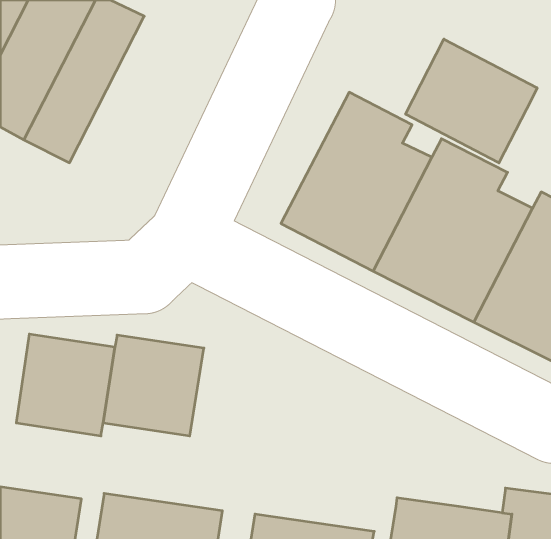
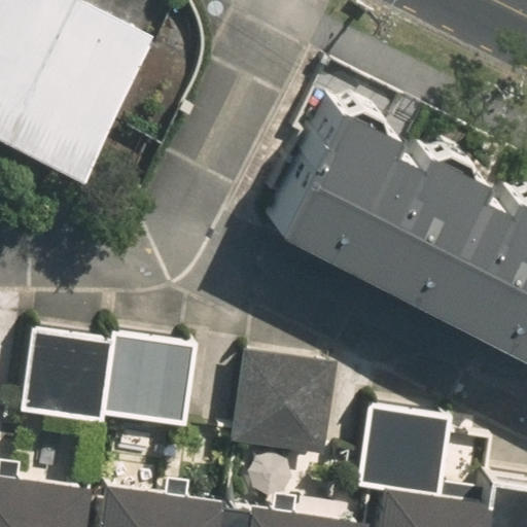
building: [406,39,537,163] -> none
building: none -> [230,353,330,458]
building: none -> [356,407,450,495]

